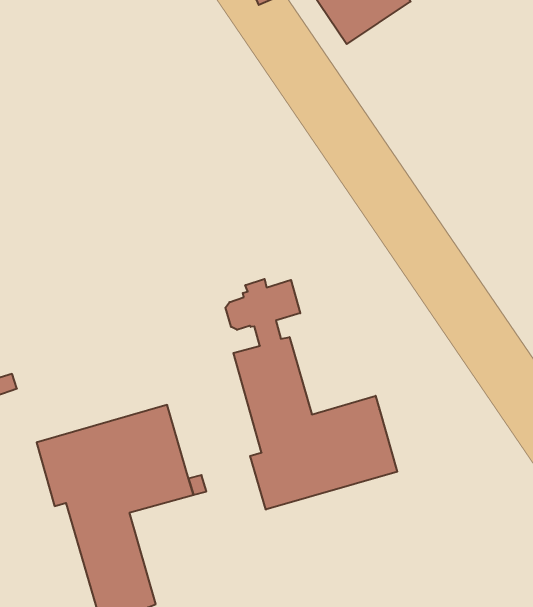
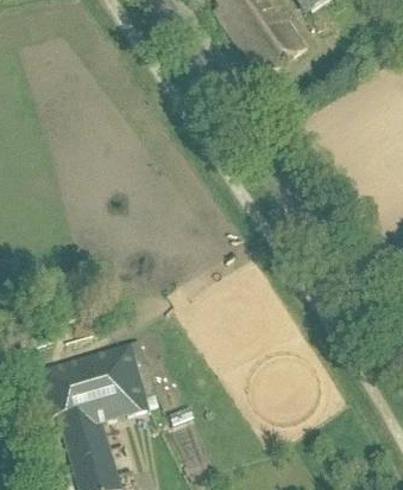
building: [225,279,397,510] -> none

